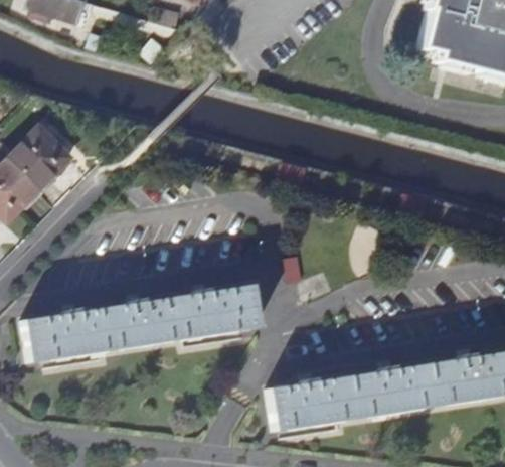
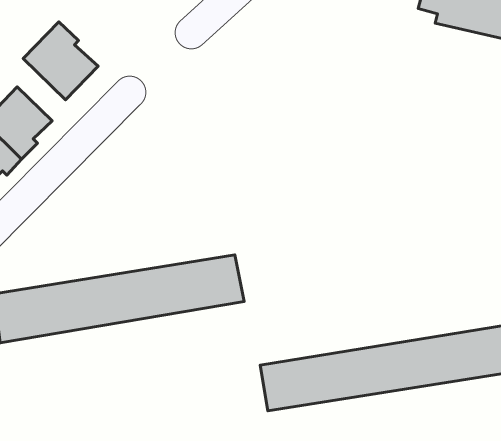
building: none -> [23,22,98,100]

